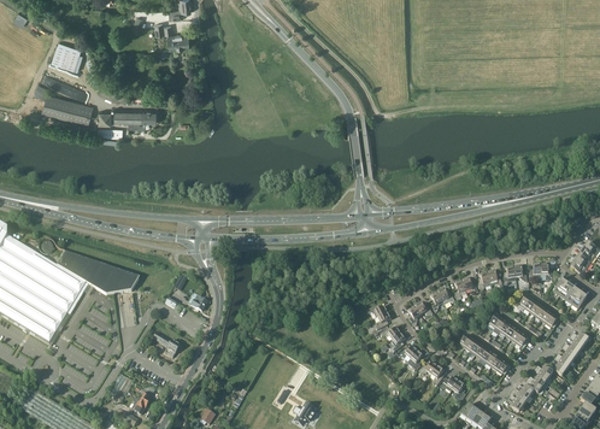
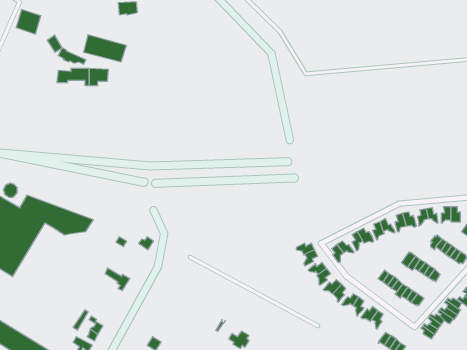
building: [42,93,90,123] -> [83,35,126,62]

